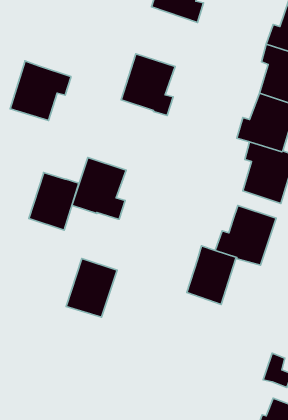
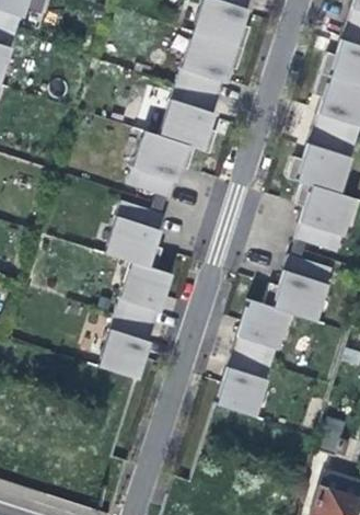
building: none -> [176,31,245,98]
building: [10,61,71,121] -> [128,129,196,196]
building: [29,172,79,230] -> [116,261,172,325]
building: none -> [216,351,271,416]

